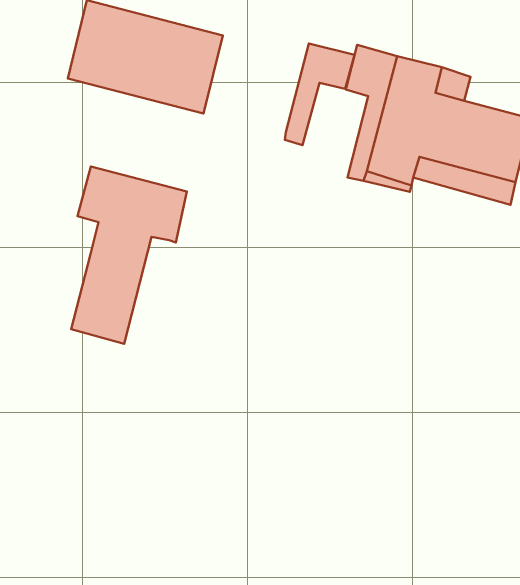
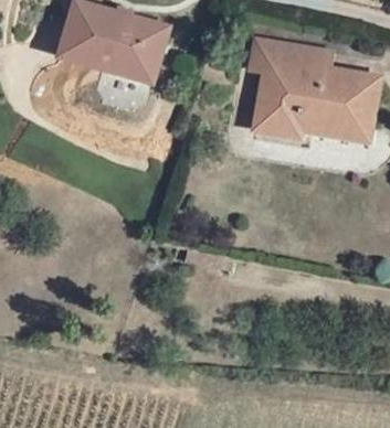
building: [285,44,355,145] -> none
building: [71,167,187,344] -> none

